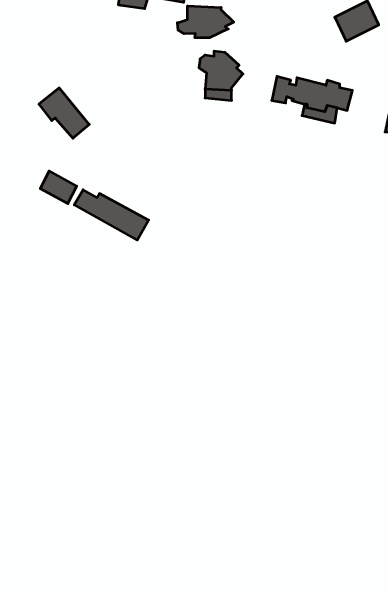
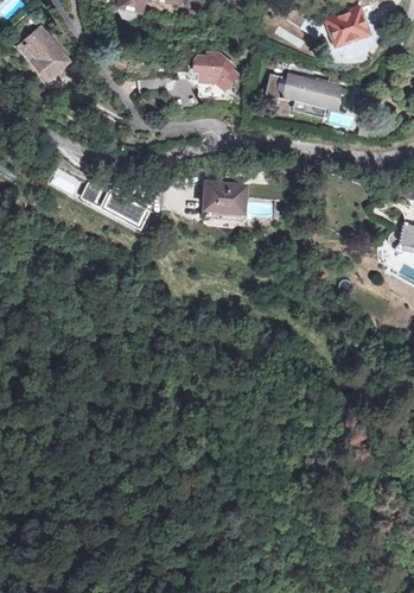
building: [177,6,234,38] -> none
building: [39,88,89,138] -> [25,30,72,77]
building: none -> [203,178,246,214]

